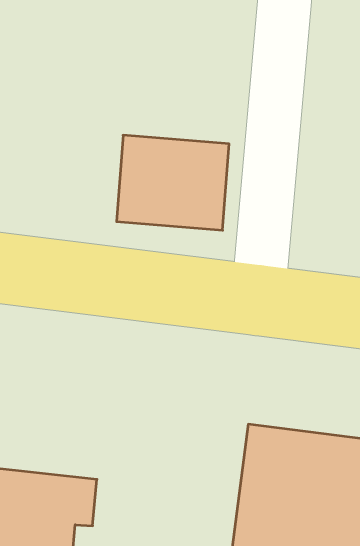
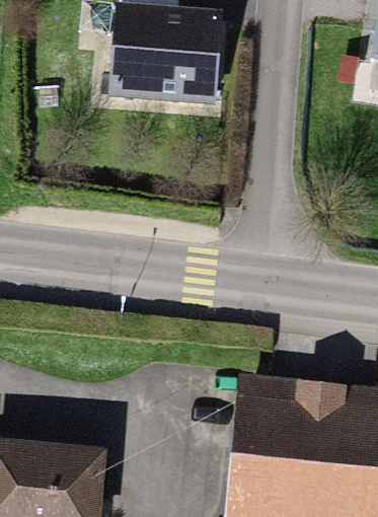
building: [117,135,229,230] -> [114,13,219,102]

